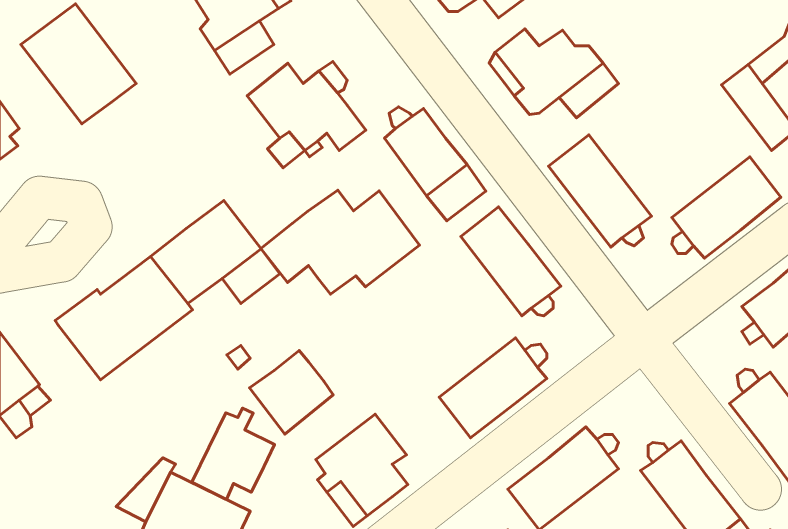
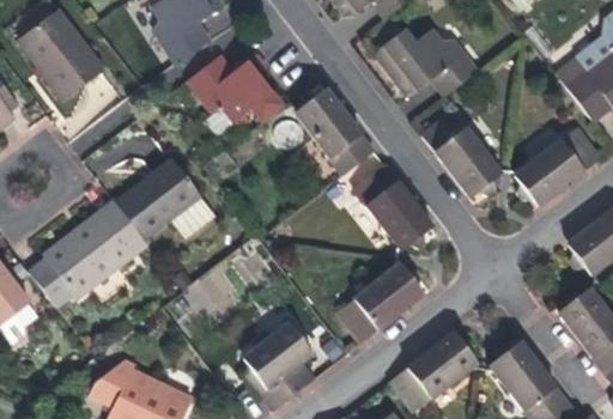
building: [261,190,420,294] -> none
building: none -> [28,255,74,306]
building: [249,350,333,434] -> none
building: [192,408,275,499] -> none

